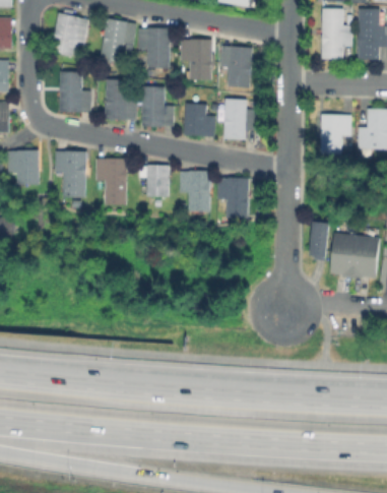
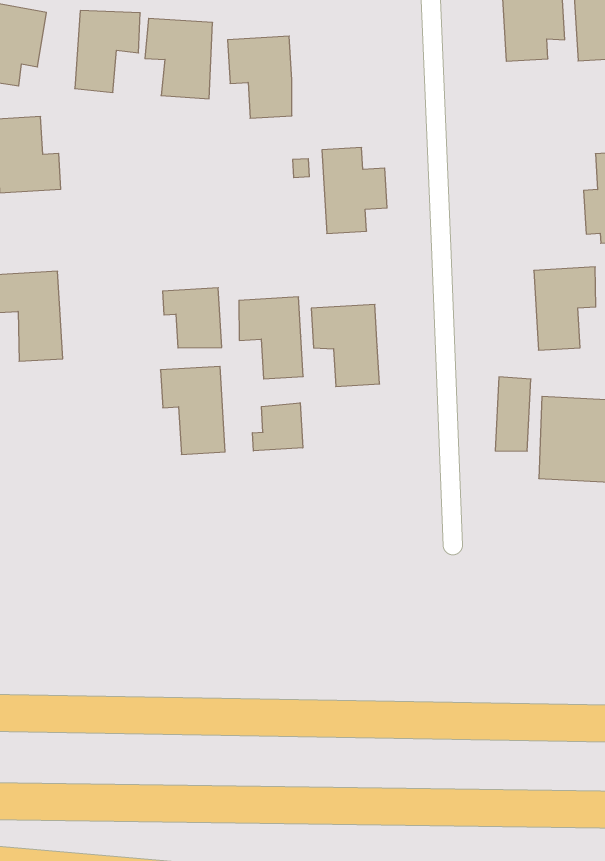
building: [220,47,252,88] -> none
building: [108,81,137,122] -> none
building: [144,87,177,126] -> none
building: [185,104,215,137] -> none
building: [320,115,351,156] -> [534,267,596,350]
building: [96,159,127,202] -> [160,366,225,454]
building: none -> [252,403,303,451]

